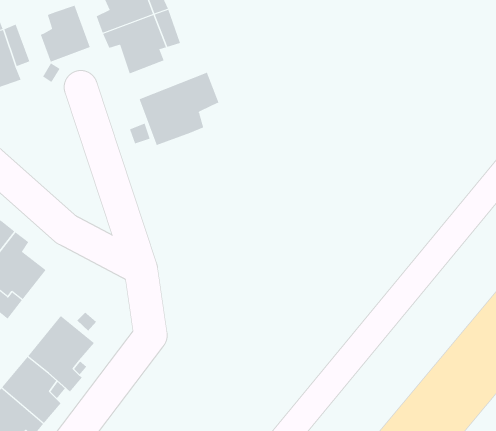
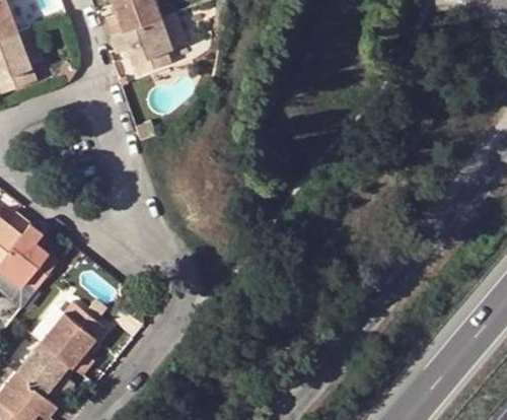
building: [40,5,90,62] -> none
building: [139,72,219,146] -> none

